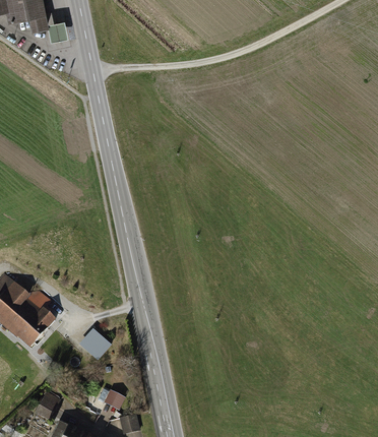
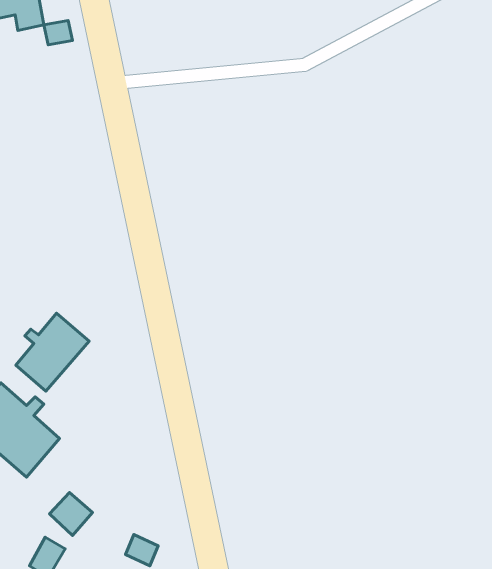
building: none -> [16,313,89,391]
building: [82,328,113,359] -> [49,492,92,535]

